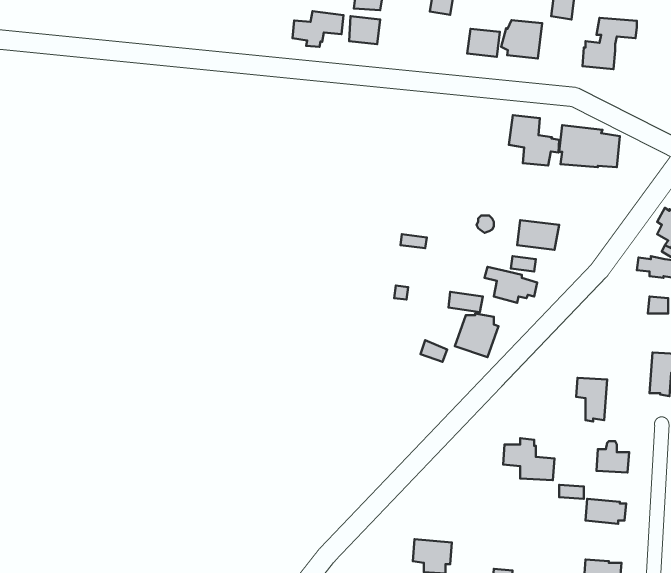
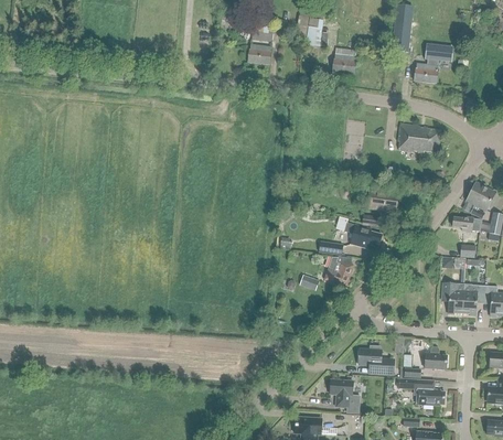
building: [292,11,344,47] -> none
building: [501,20,542,59] -> none
building: [509,115,559,165] -> none
building: [576,378,607,422] -> [441,282,463,313]
building: none -> [330,378,360,412]

